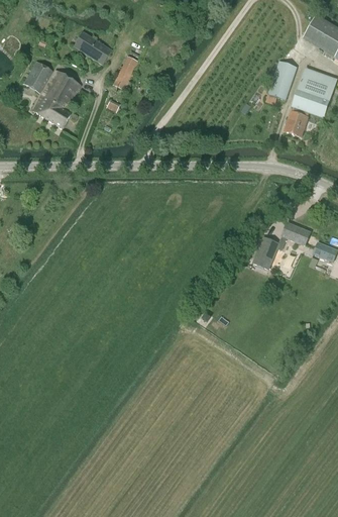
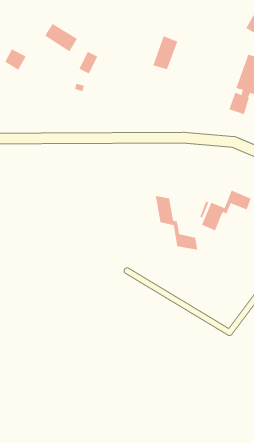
building: [267,60,297,99] -> [152,35,178,70]
building: [32,70,82,128] -> none
building: none -> [155,195,198,251]

